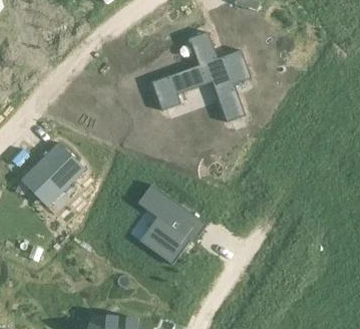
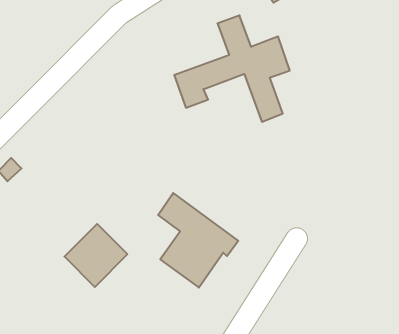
building: [29,143,83,198] -> [64,224,127,287]

